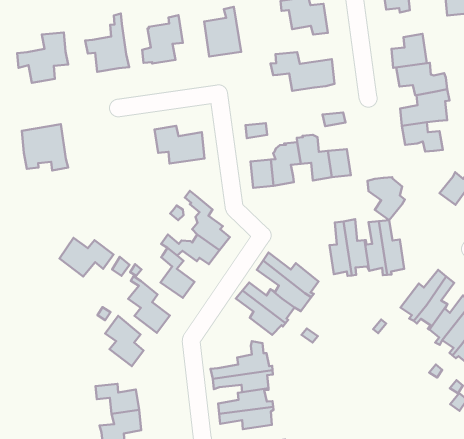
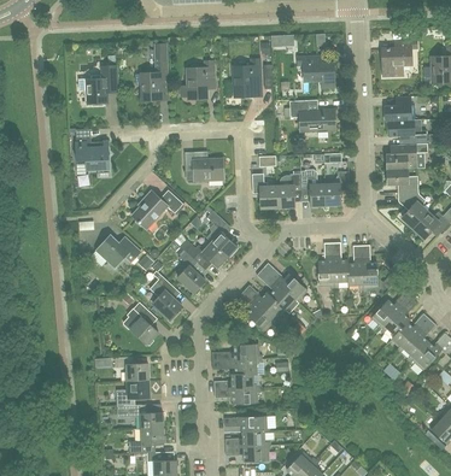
building: none -> [130,189,182,228]
building: [368,177,405,220] -> [397,192,426,227]

